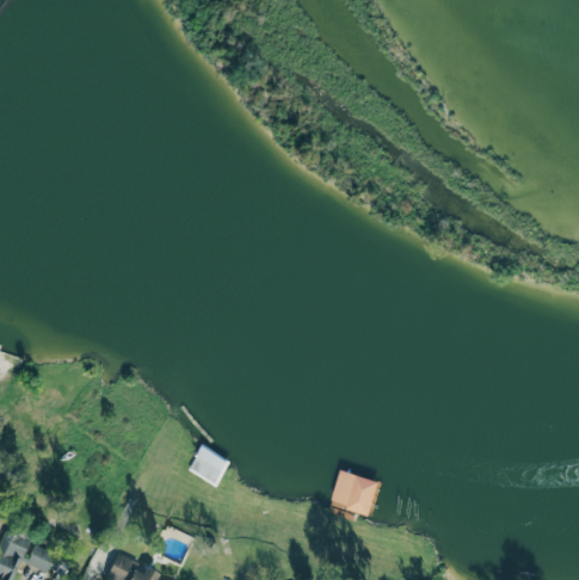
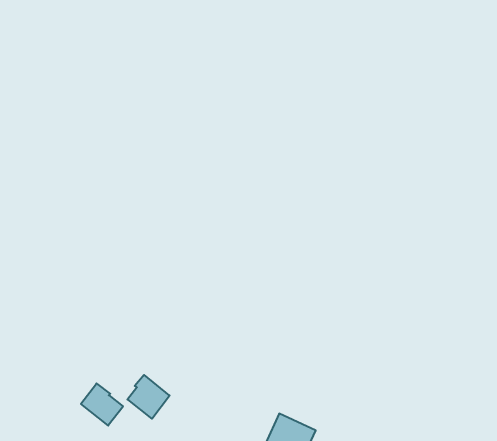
building: none -> [81,383,123,426]

